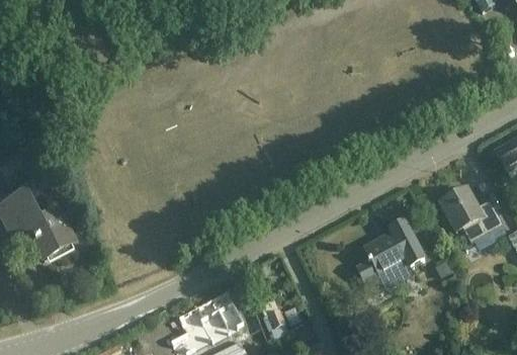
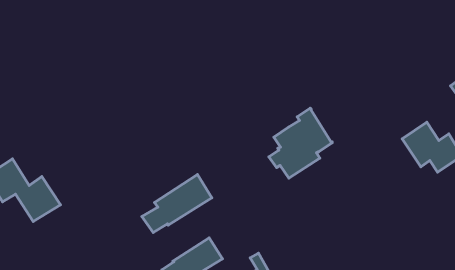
building: [357,220,425,292] -> [269,108,332,178]
building: none -> [142,175,212,233]

